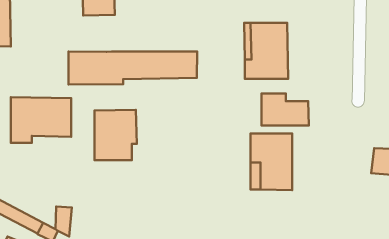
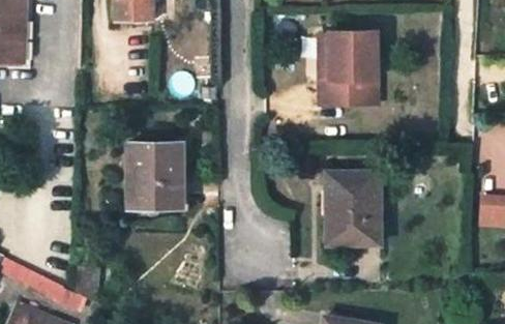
building: [68,52,197,84] -> none
building: [262,93,309,126] -> none
building: [11,97,71,143] -> none

